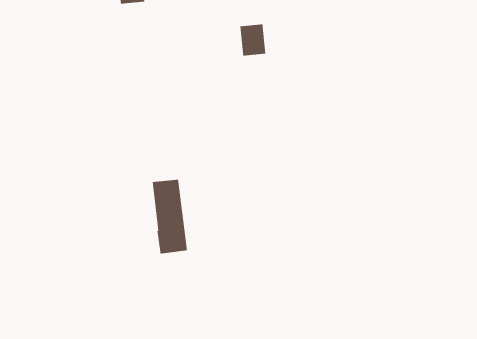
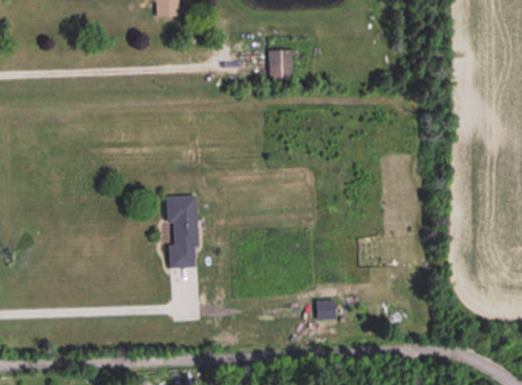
building: none -> [316,299,334,319]

